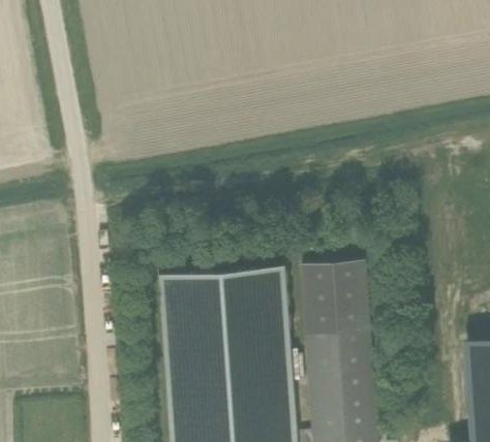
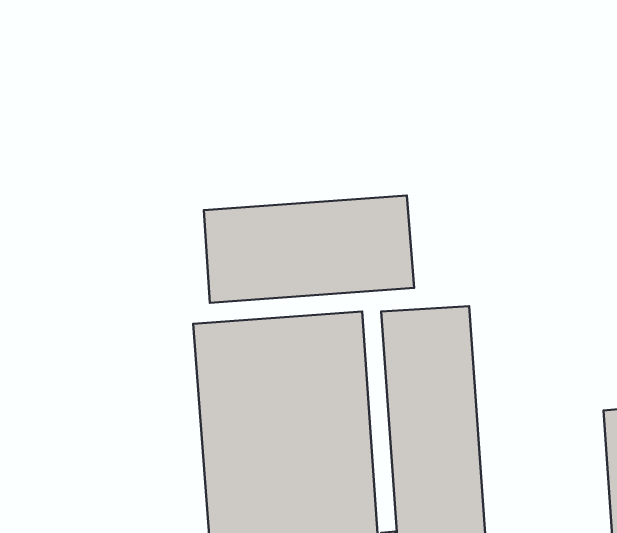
building: none -> [204,196,414,303]

